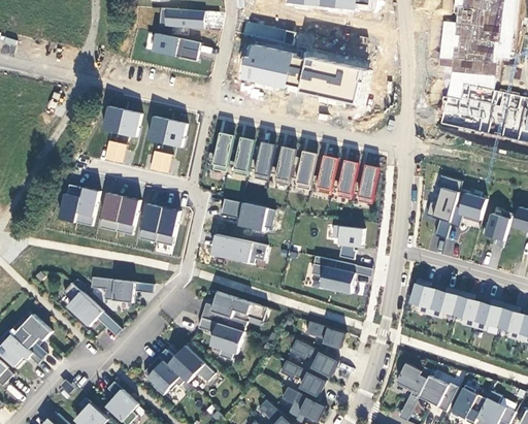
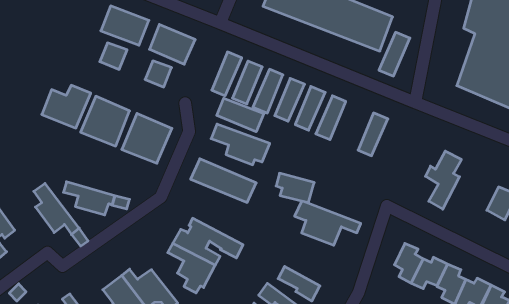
building: [337,158,361,199] -> [379,32,410,76]
building: none -> [217,98,264,132]
building: [458,192,487,221] -> none
building: [330,225,365,248] -> [276,173,314,203]

